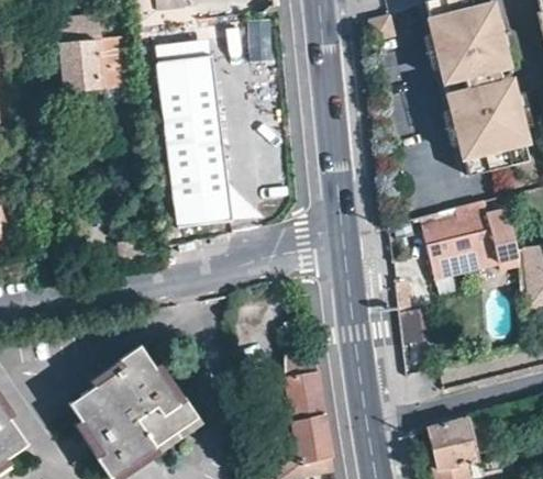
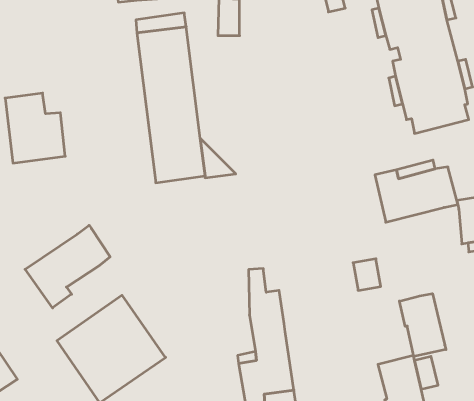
building: [57,32,124,110] -> [5,93,65,163]
building: none -> [25,225,110,308]
building: none -> [399,294,446,357]

